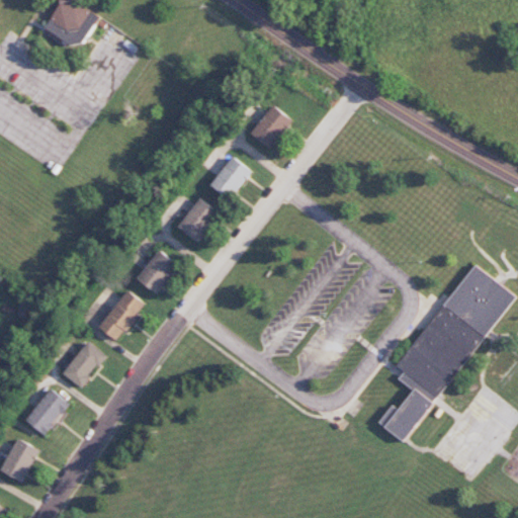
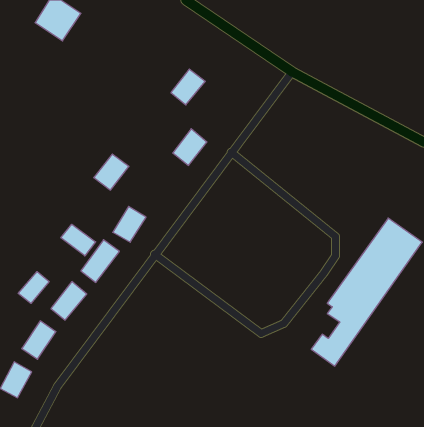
building: [250,105,291,149] -> [171,69,205,105]
building: [176,198,219,242] -> [94,154,129,190]
building: none -> [61,224,96,256]
building: none -> [18,272,49,303]

